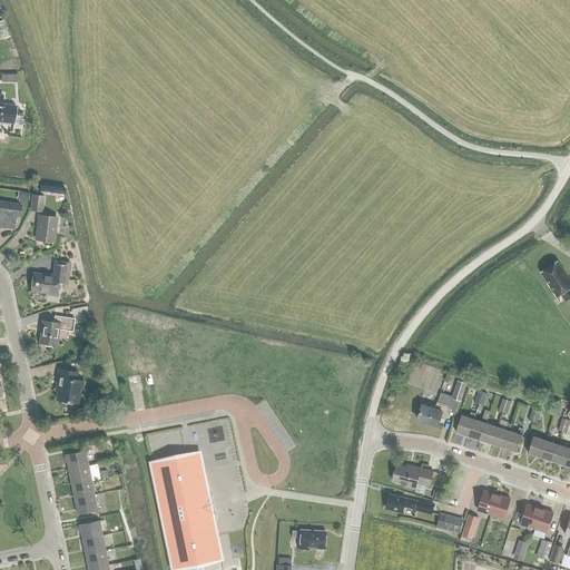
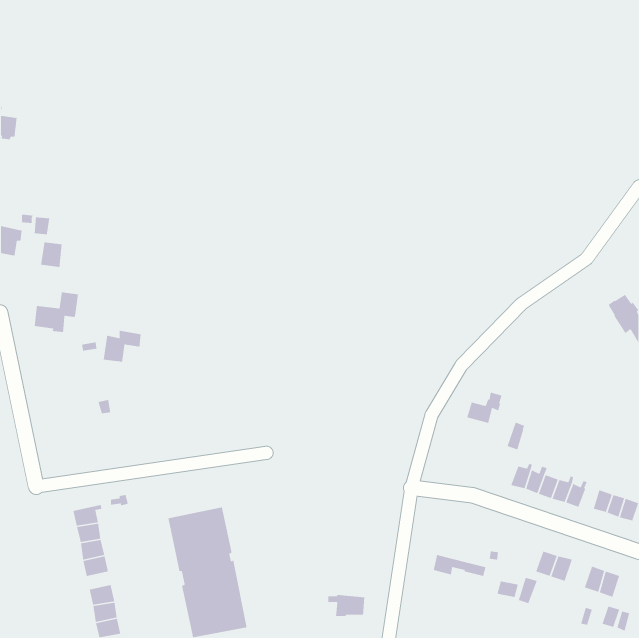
building: [39,315,73,344] -> [103,330,141,363]
building: [56,368,83,402] -> none
building: [417,395,450,424] -> [466,391,503,424]
building: [392,463,433,489] -> none

